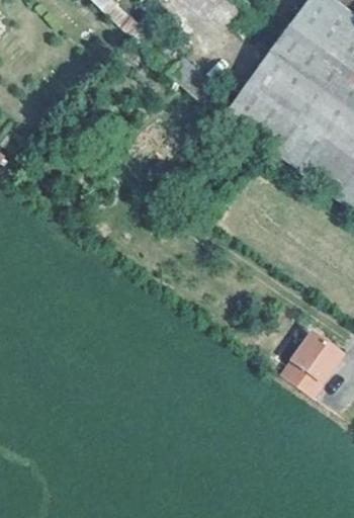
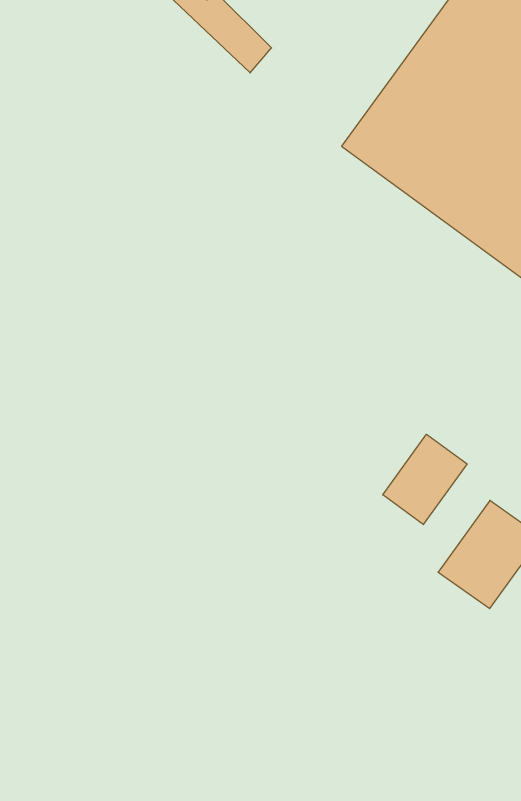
building: none -> [383,434,467,525]

